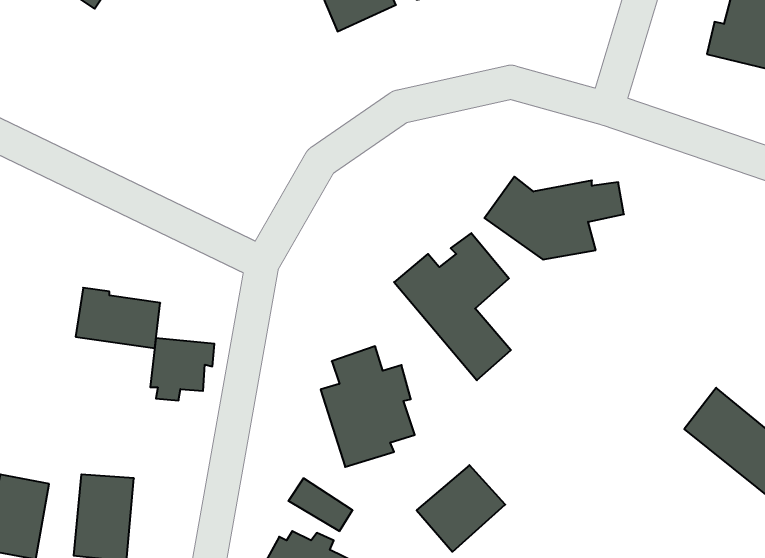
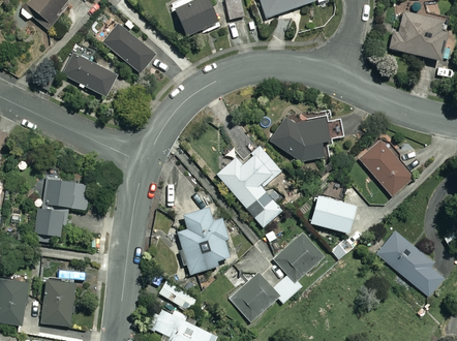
building: none -> [103,25,154,72]
building: none -> [63,55,115,96]
building: none -> [359,140,415,196]
building: none -> [309,195,355,234]
building: [150,338,214,400] -> [32,208,67,242]
building: none -> [273,234,322,301]

